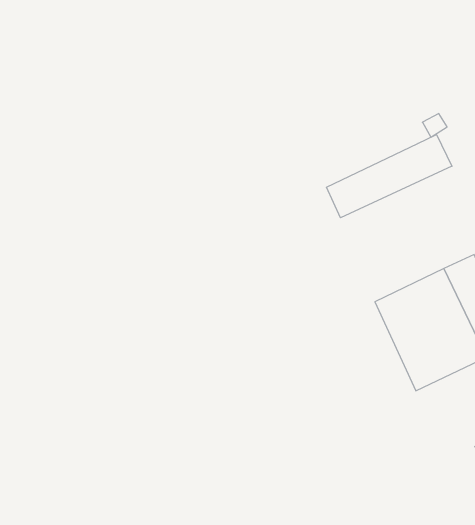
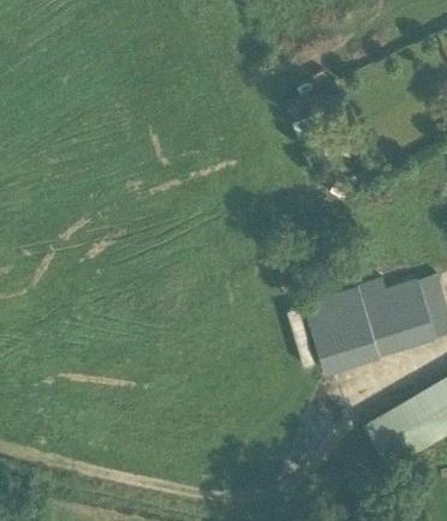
building: [326,134,452,218] -> none

